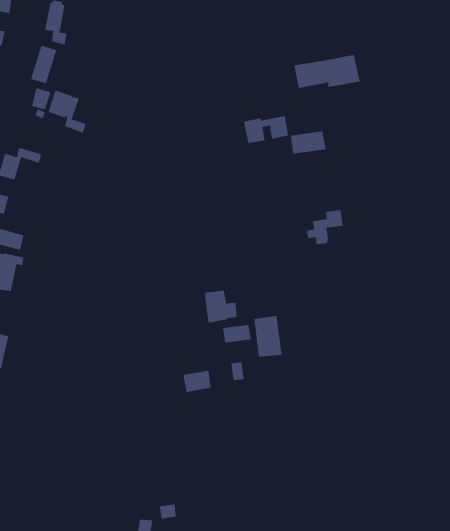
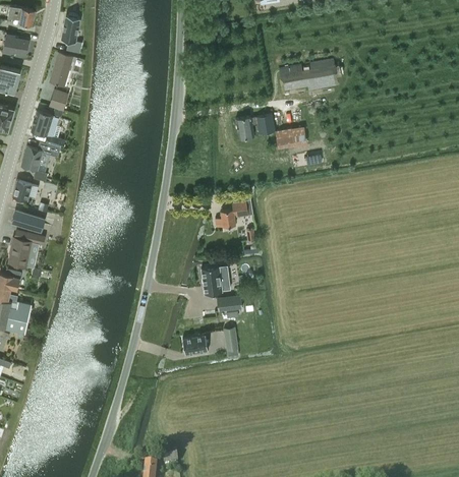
building: [48,90,87,133] -> [31,112,64,150]
building: [306,209,344,245] -> [215,201,247,232]
building: [254,315,282,358] -> none

